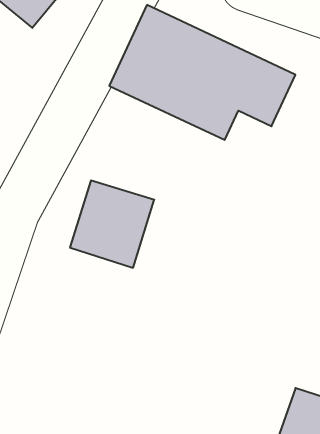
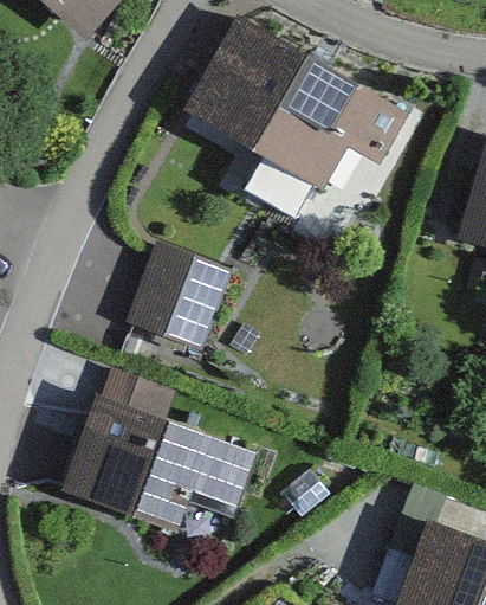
building: none -> [58,397,260,527]

